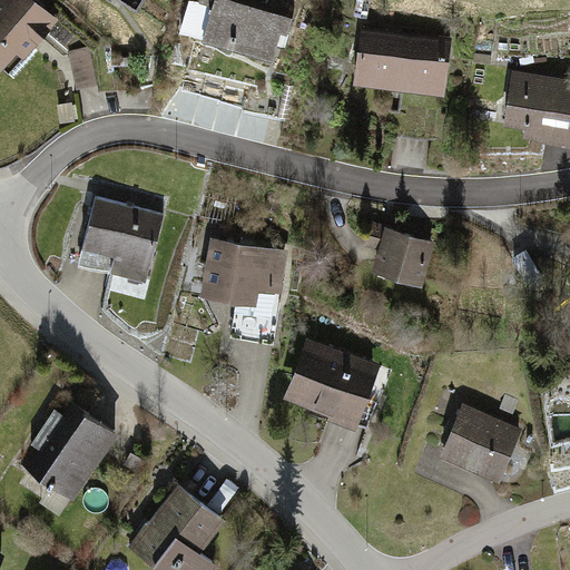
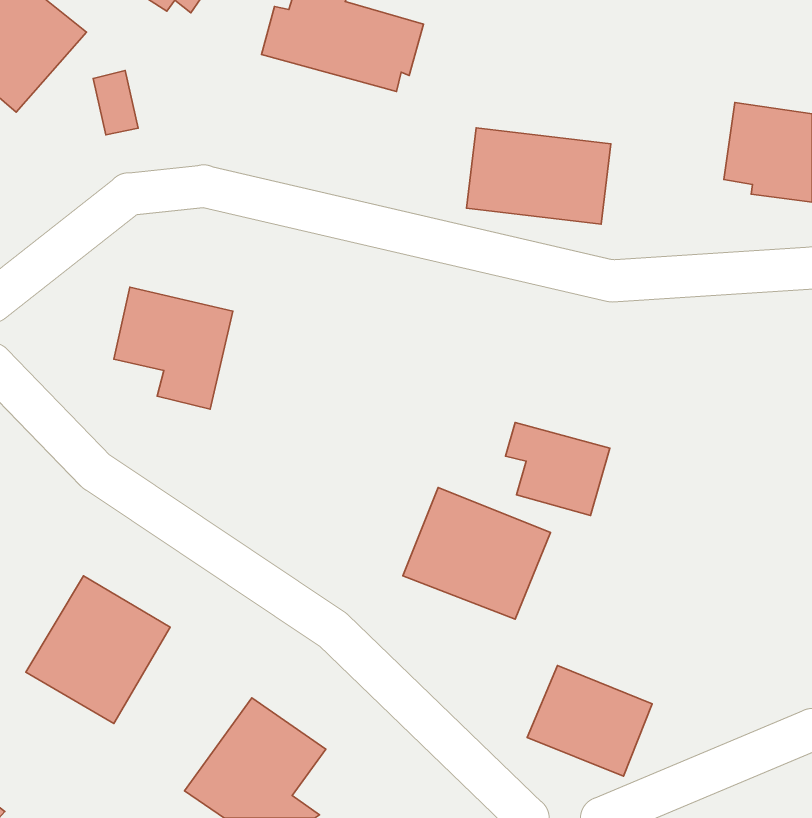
building: [353,29,453,96] -> [467,128,611,224]
building: [365,224,438,288] -> [505,423,610,516]
building: [202,239,287,305] -> none
building: [440,404,527,481] -> [527,665,652,776]

